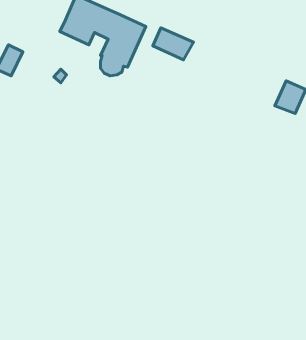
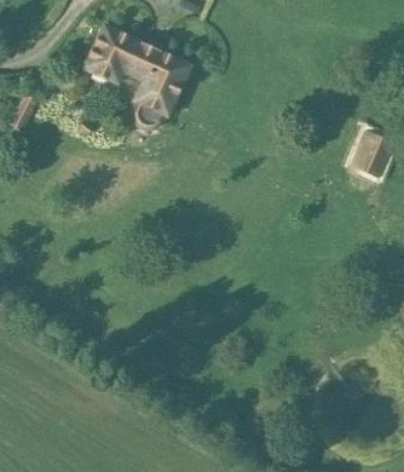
building: [153,28,193,60] -> none

